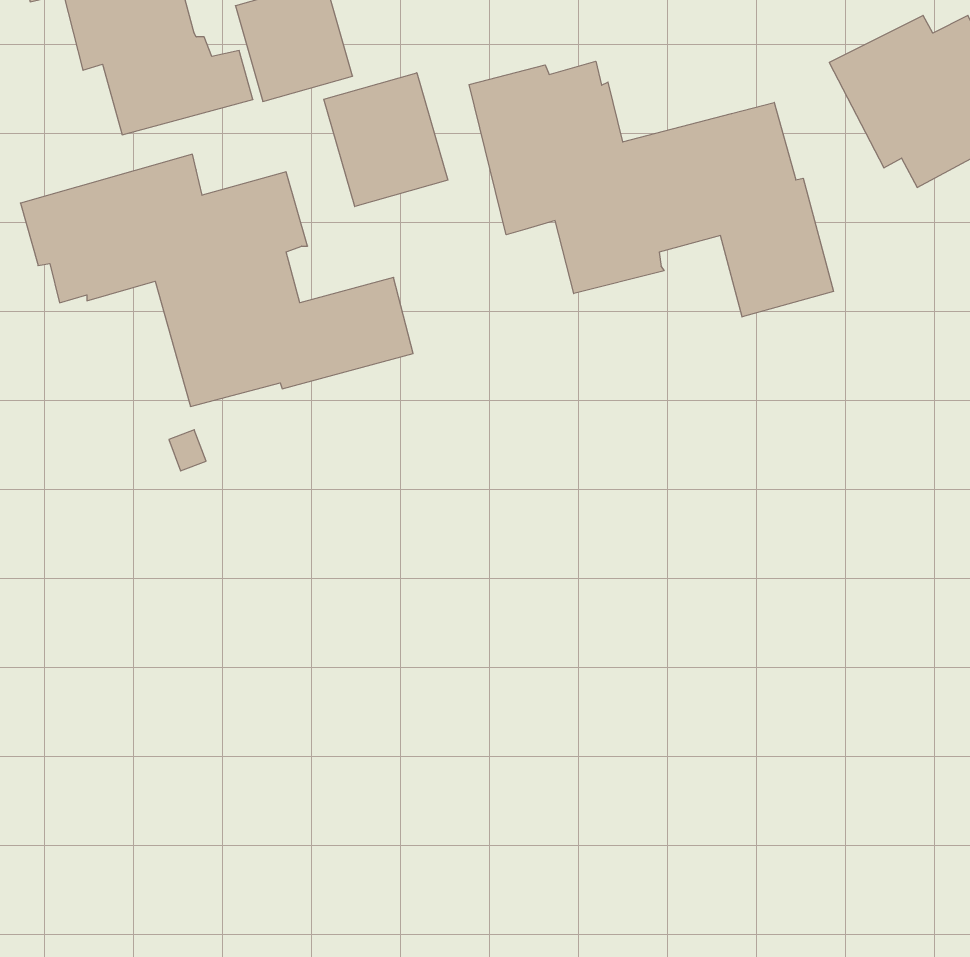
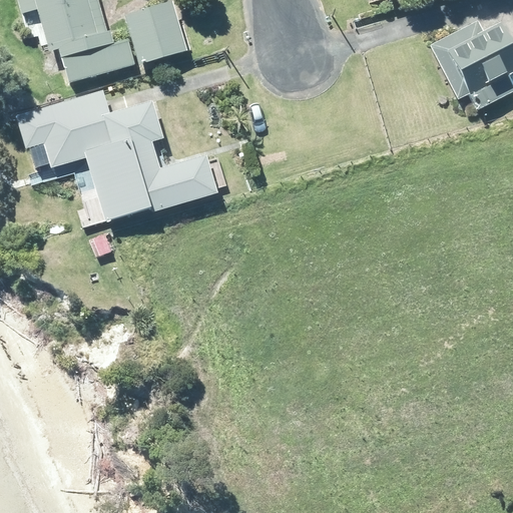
building: [469,61,833,317] -> none
building: [324,73,448,207] -> none

